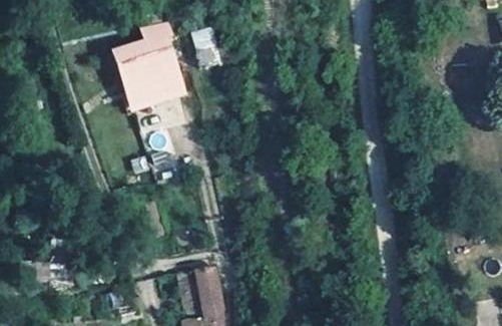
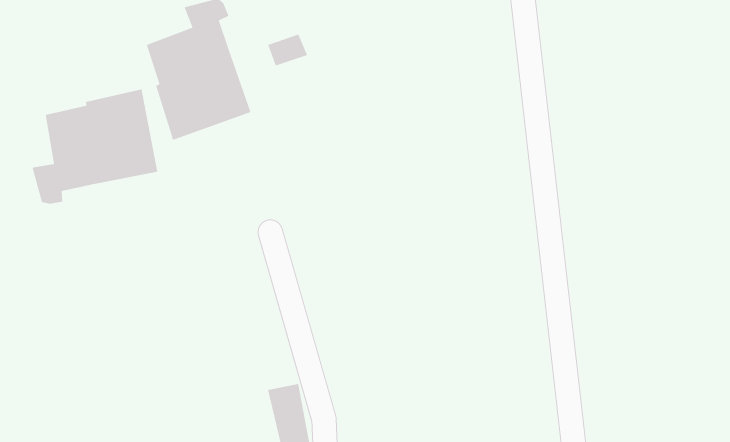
building: none -> [31,88,158,205]

